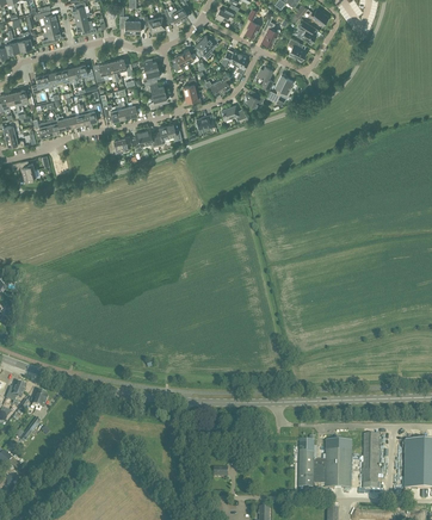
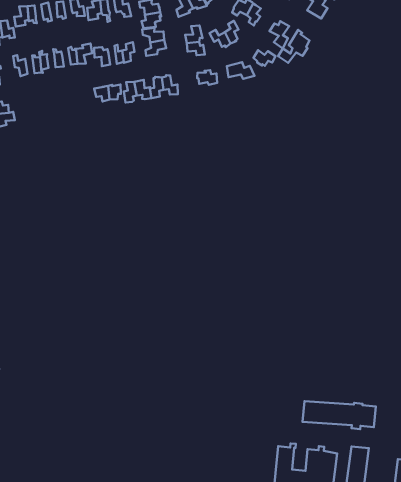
building: none -> [303,401,376,429]

